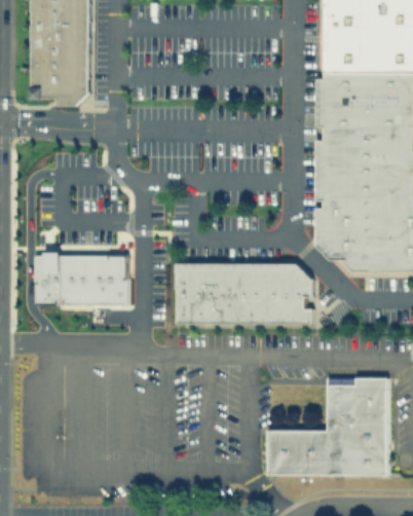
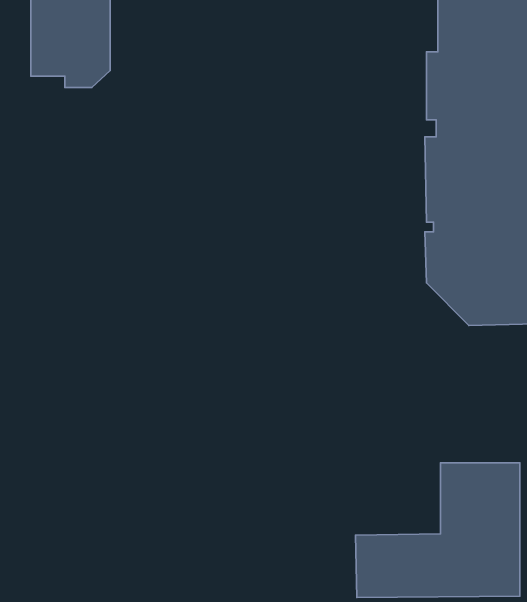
building: [34,251,126,305] -> none
building: [177,262,313,323] -> none

